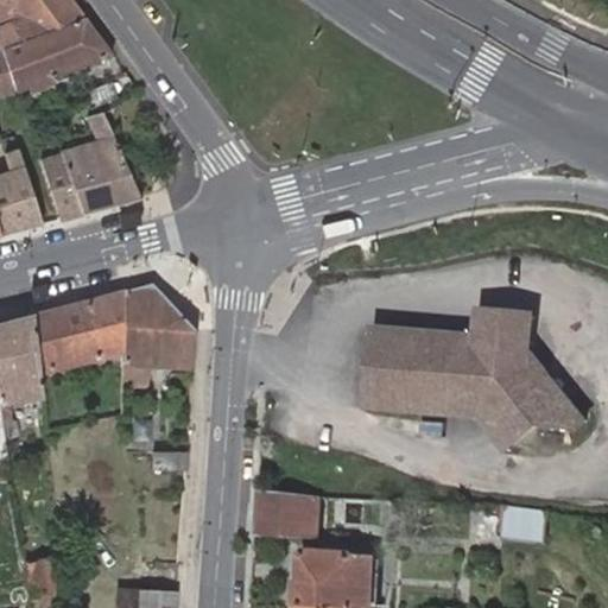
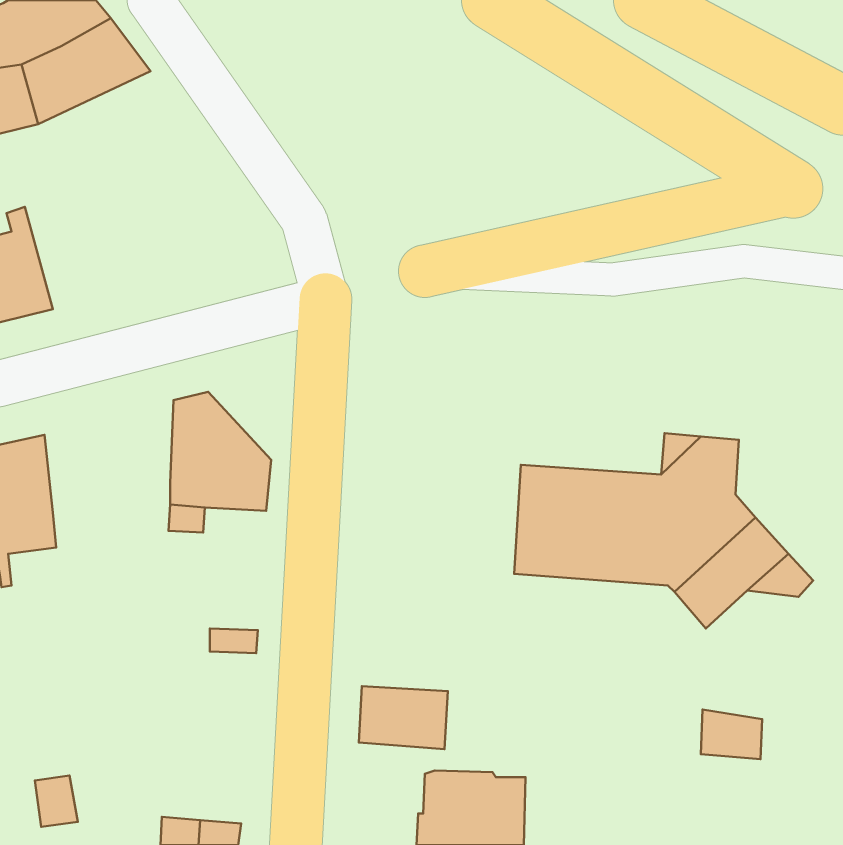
building: [42,109,135,217] -> none
building: [32,287,125,368] -> none

